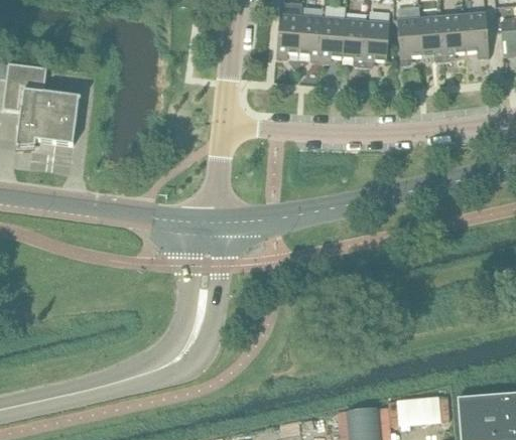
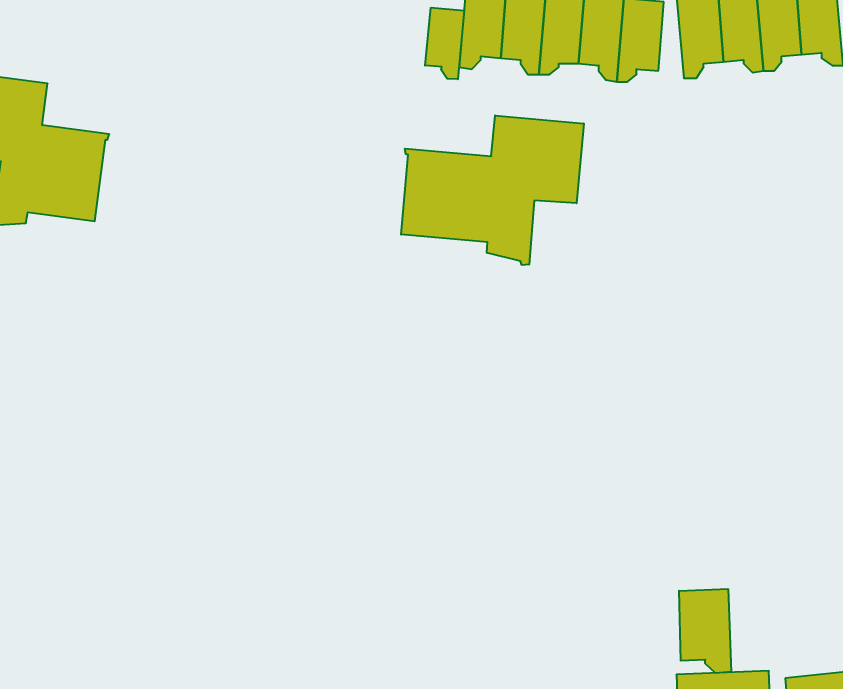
building: none -> [425,8,464,79]
building: none -> [401,115,584,265]
building: none -> [679,589,731,673]

